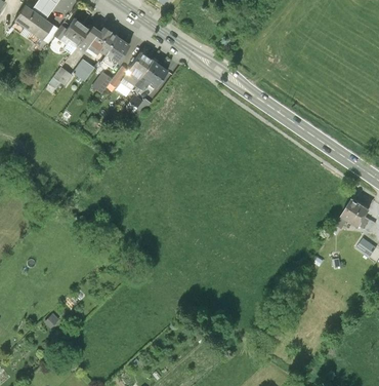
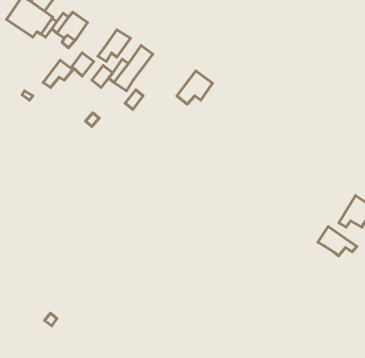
building: [78,26,117,56] -> none
building: [133,61,168,93] -> [177,71,213,104]
building: none -> [318,226,357,256]

